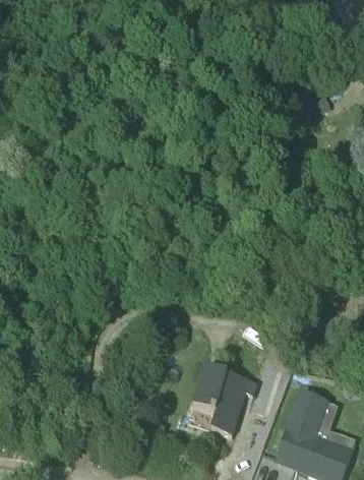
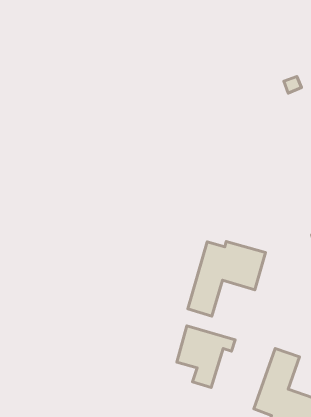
building: none -> [188,241,265,316]

